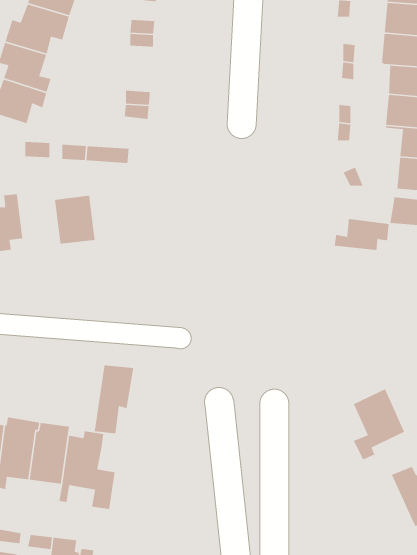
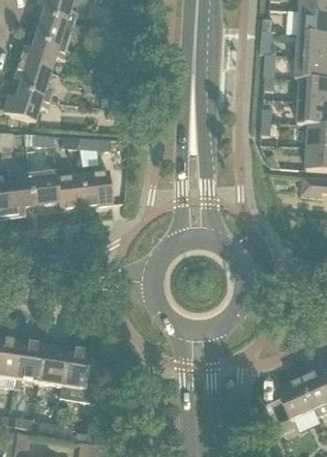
building: none -> [28,169,59,209]
building: none -> [81,170,112,206]
building: [334,218,390,251] -> none
building: [94,365,134,434] -> none
building: [353,388,405,460] -> [276,377,315,430]

